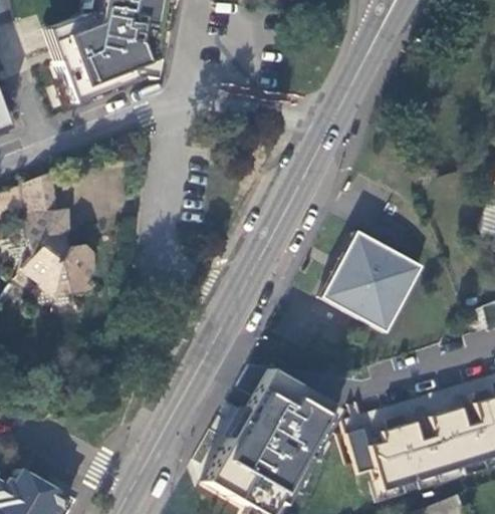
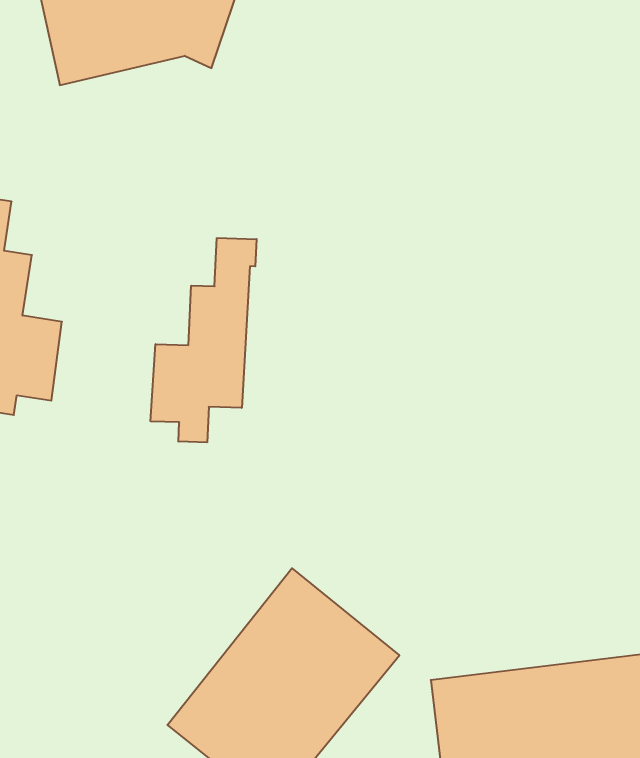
building: none -> [151,238,257,442]
building: [320,228,423,330] -> none

